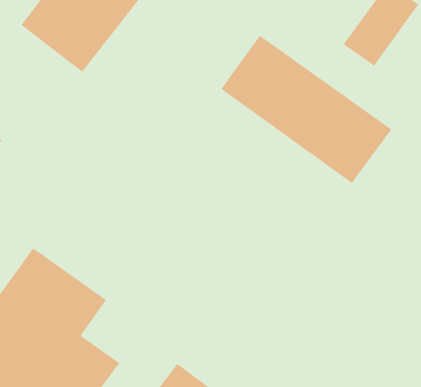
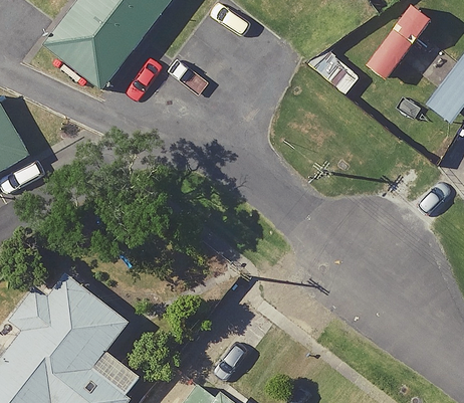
building: [220,35,392,184] -> none

